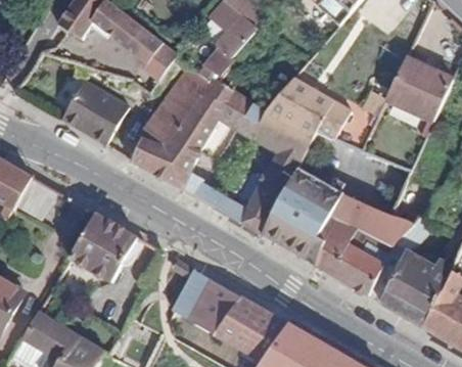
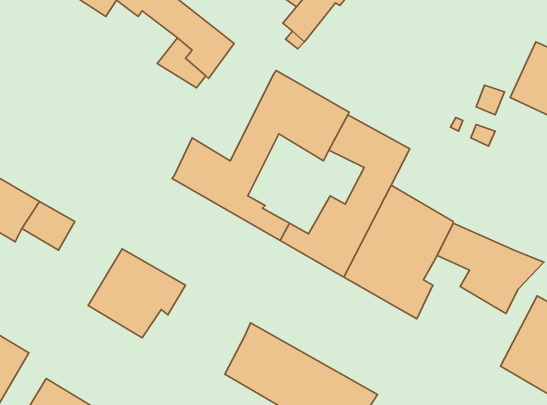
building: [147,62,209,146] -> none
building: [265,79,341,137] -> none
building: [61,80,128,140] -> none
building: [317,218,384,294] -> none

